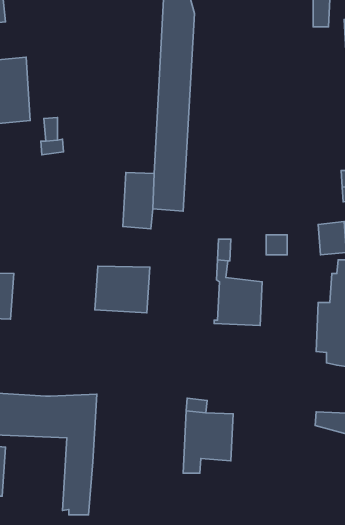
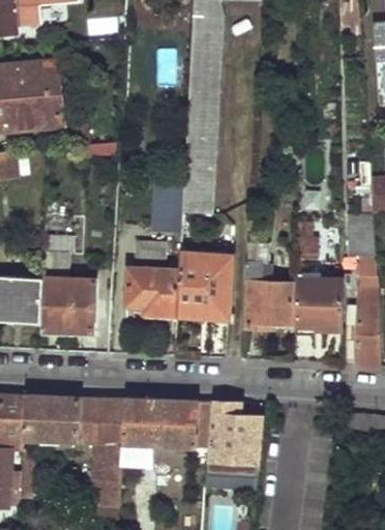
building: none -> [40,220,94,331]
building: none -> [176,255,231,320]
building: none -> [294,275,339,338]
building: none -> [122,398,211,468]

